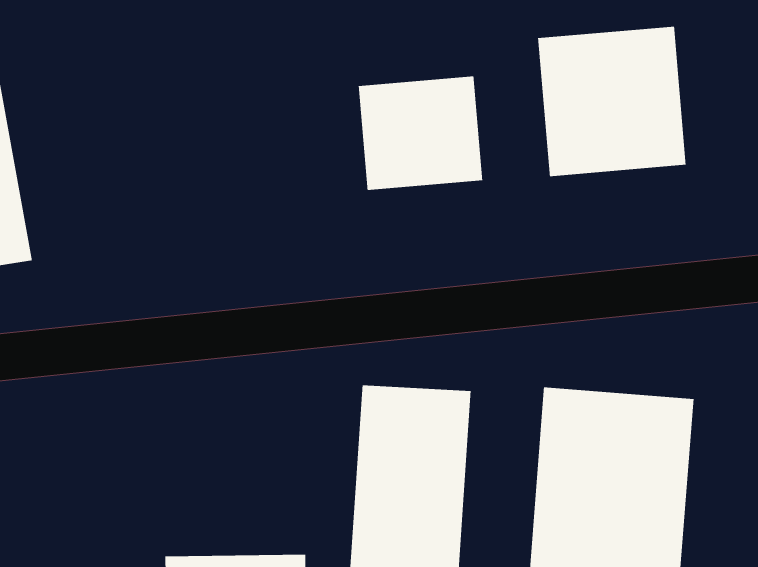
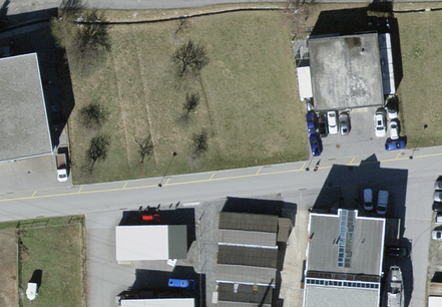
building: [358,75,483,191] -> none
building: none -> [114,226,184,259]

